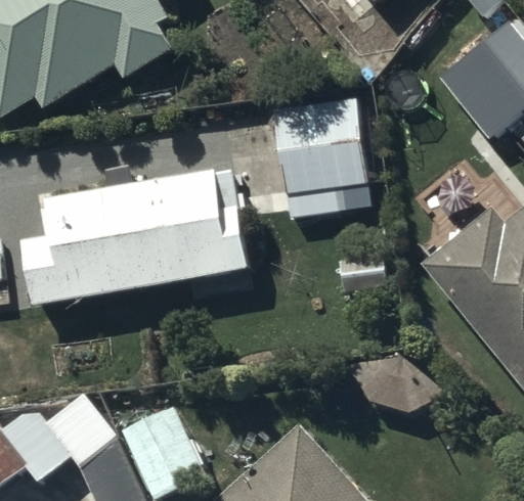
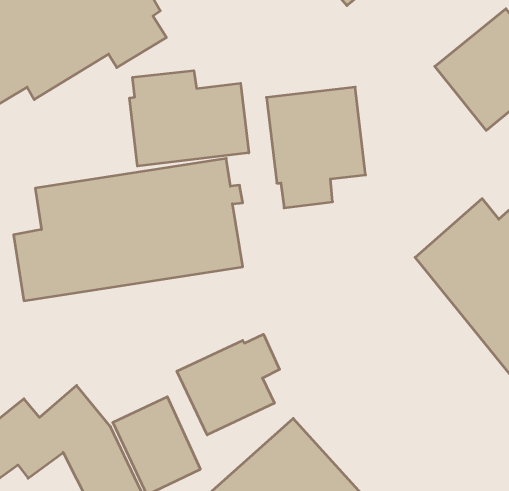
building: none -> [130,71,249,166]
building: none -> [177,334,280,435]

